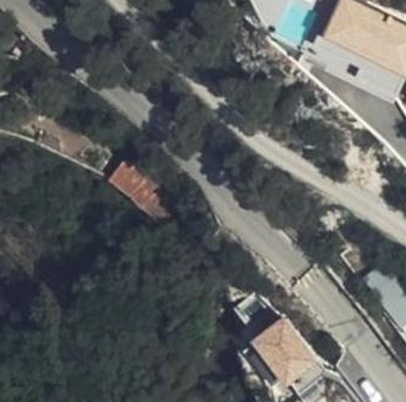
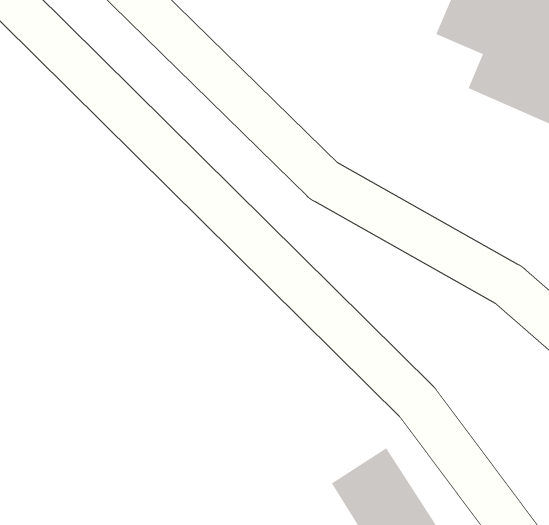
building: [107,162,171,217] -> none

